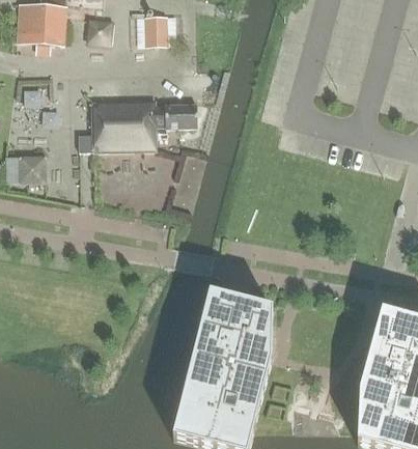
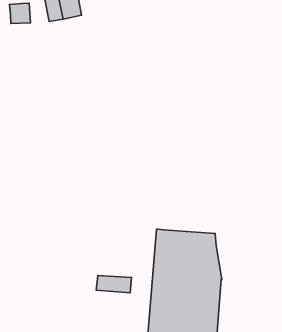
building: [78,100,196,150] -> none
building: none -> [96,276,132,293]

